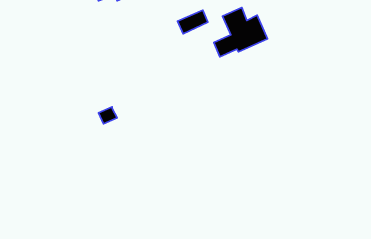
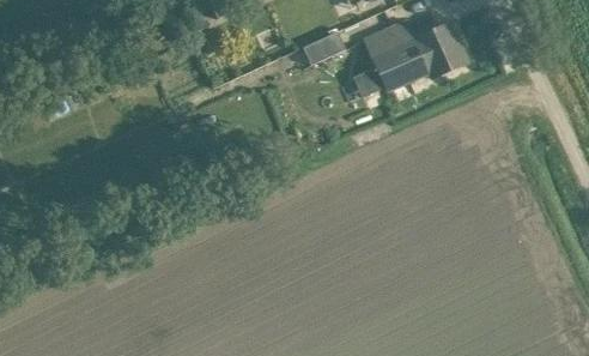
building: none -> [415,22,468,77]

